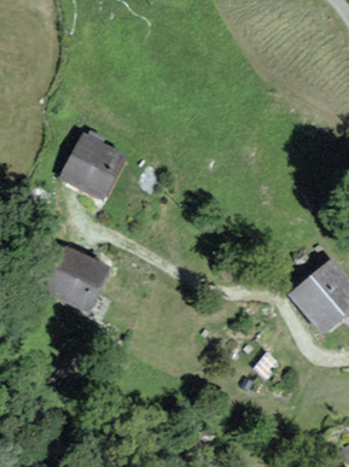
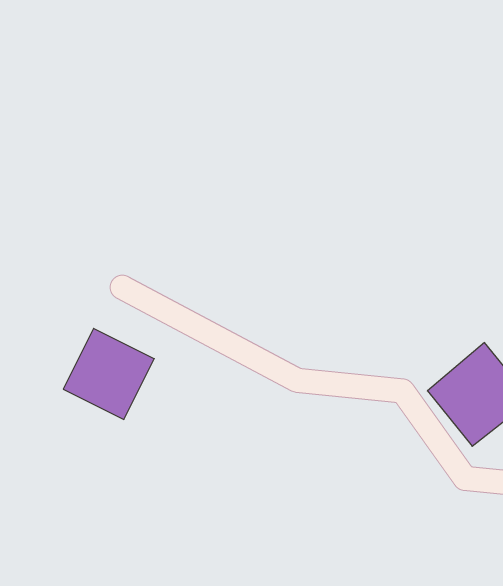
building: [56,134,127,206] -> none

